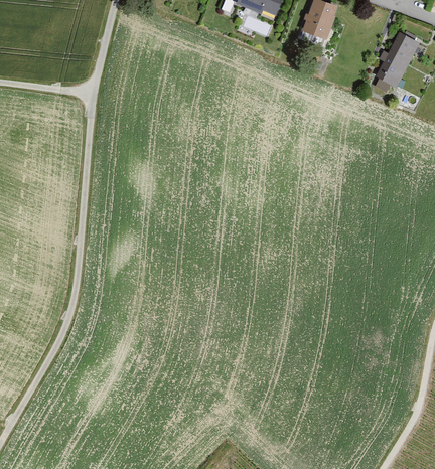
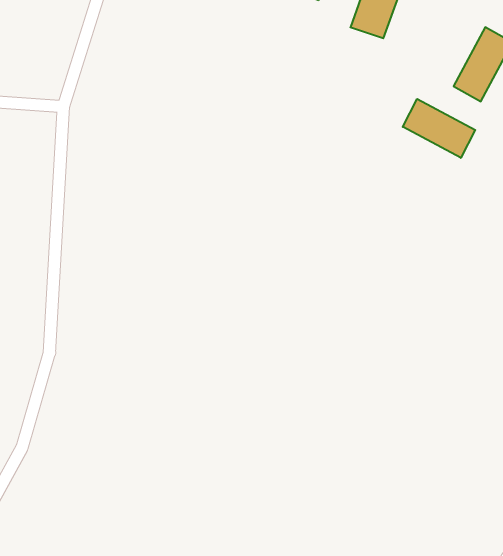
building: none -> [403,99,475,158]

